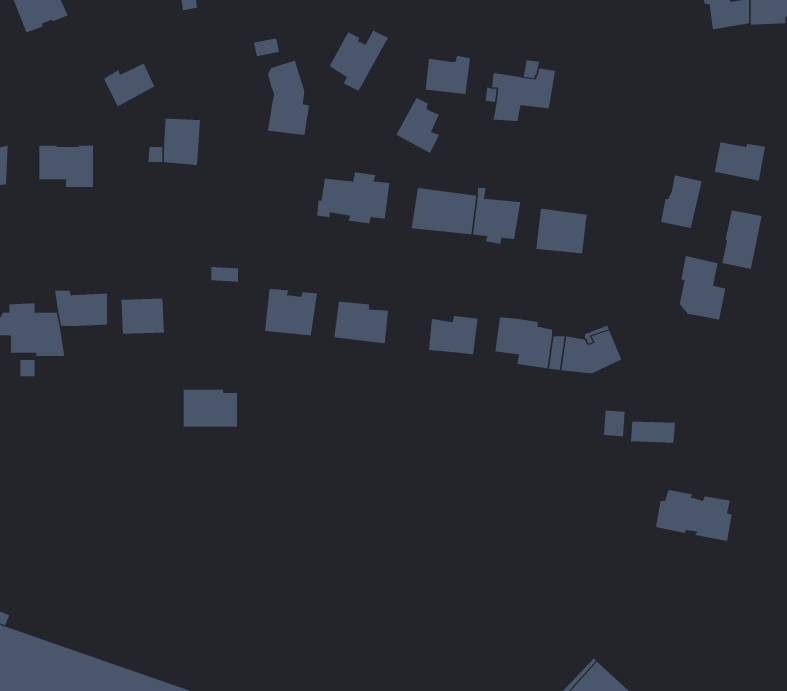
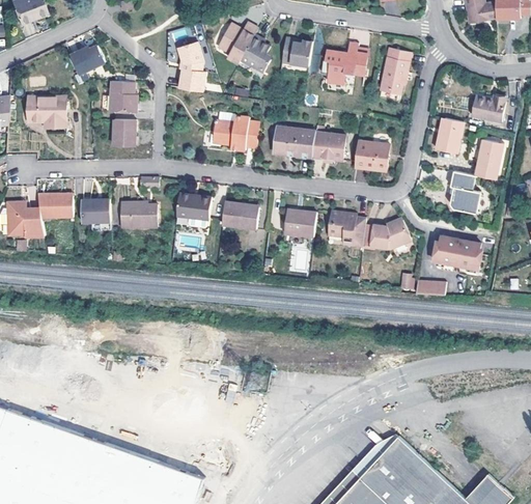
building: none -> [381,48,411,94]
building: [396,97,440,154] -> [241,35,270,73]
building: none -> [112,120,137,146]
building: [183,389,238,427] -> [121,201,158,226]
building: [655,489,732,541] -> [432,235,483,270]

